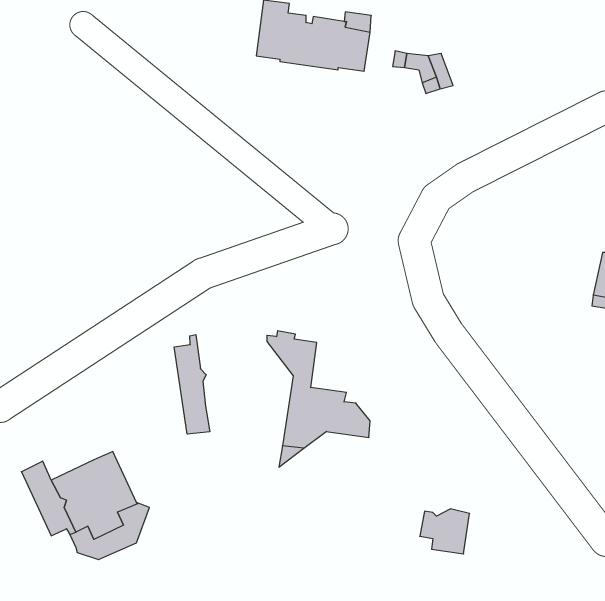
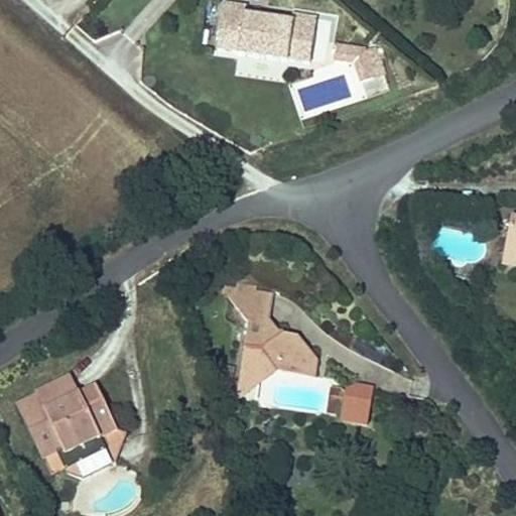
building: [174,335,210,434] -> none
building: none -> [36,373,81,408]
building: [420,509,470,554] -> [332,384,374,422]

